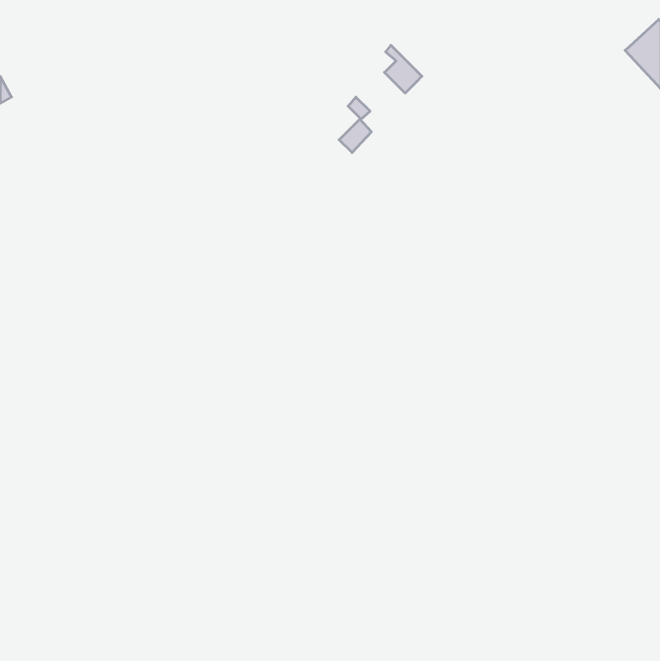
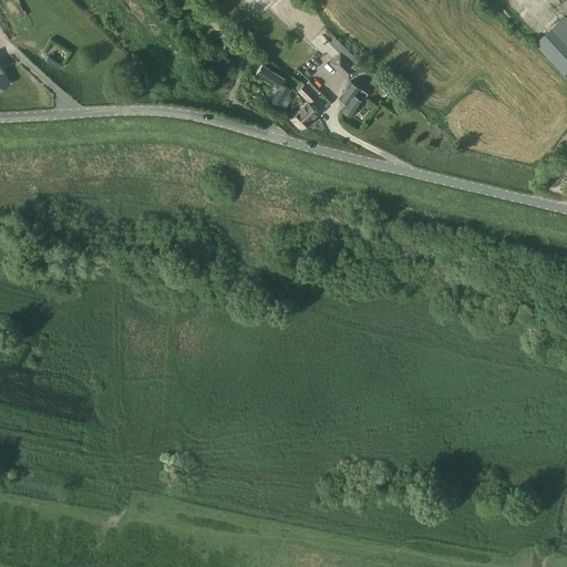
building: none -> [257,63,291,109]
building: none -> [341,82,368,115]

